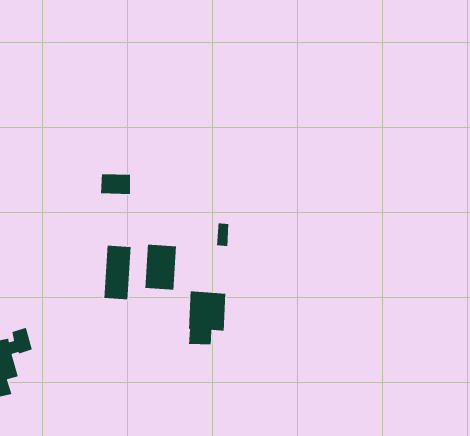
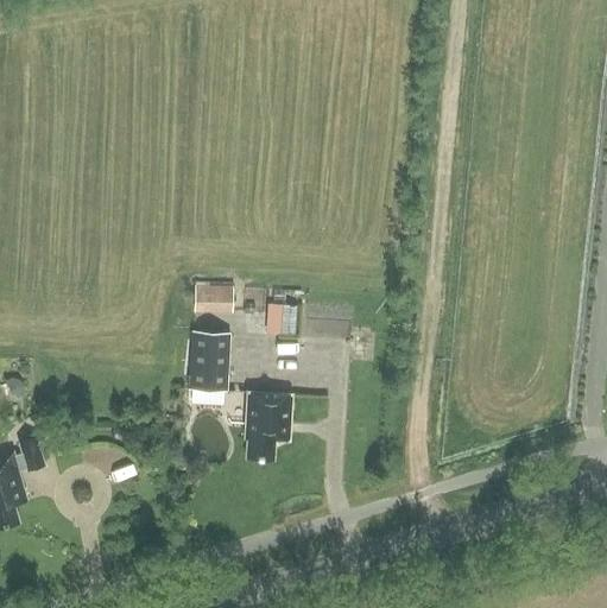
building: [100,173,131,195] -> [194,285,233,312]
building: [104,245,131,300] -> none

